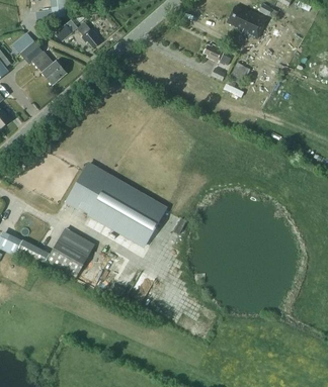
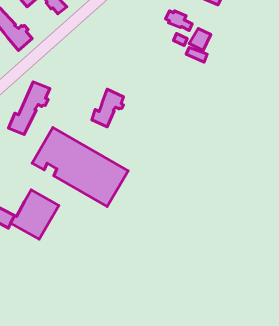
building: none -> [8,82,50,134]
building: none -> [92,89,124,127]

